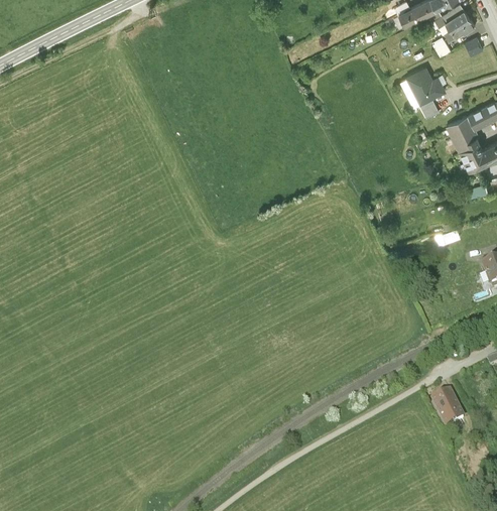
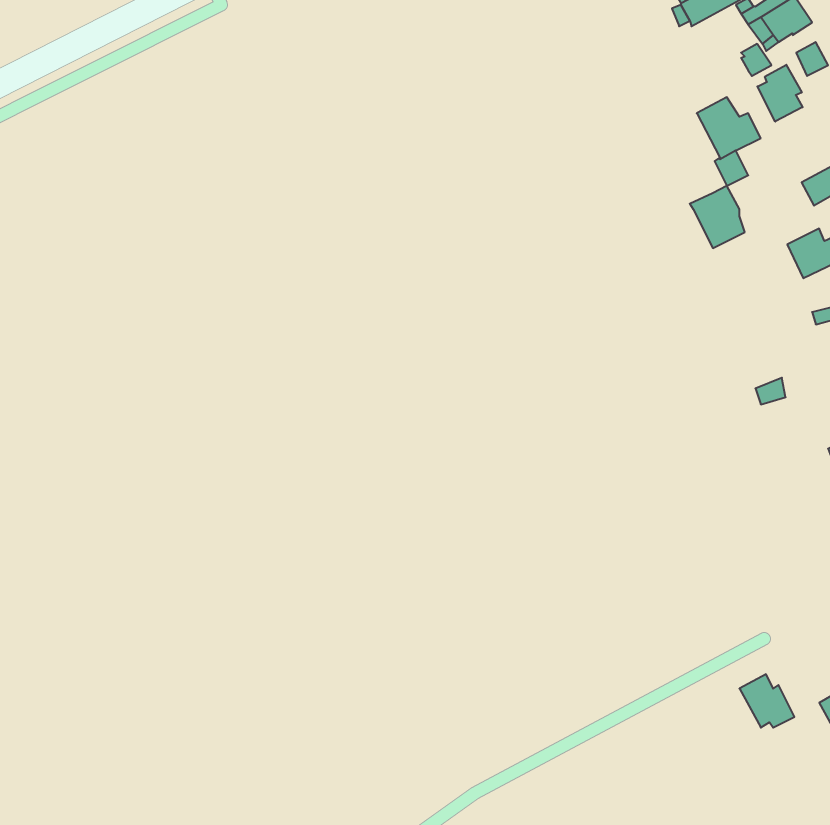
building: none -> [757,65,803,122]
building: [448,116,479,151] -> [690,186,745,248]

